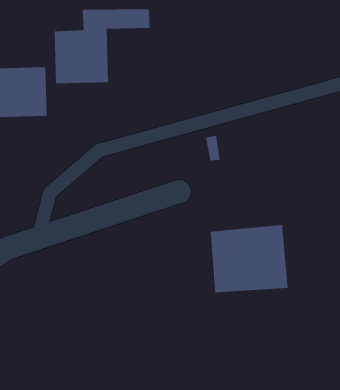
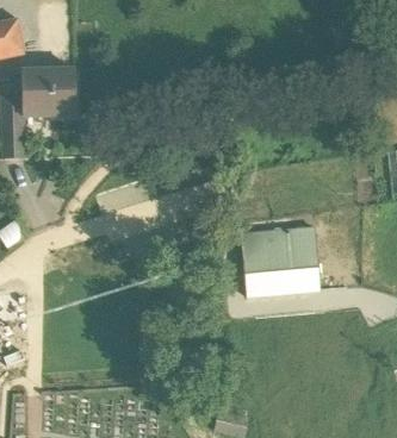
building: [54,8,150,84] -> none

